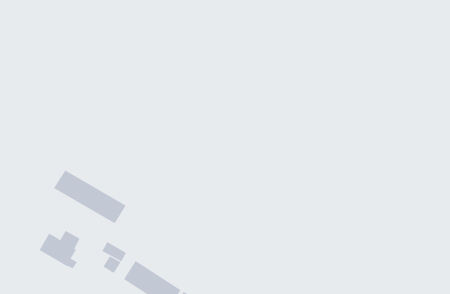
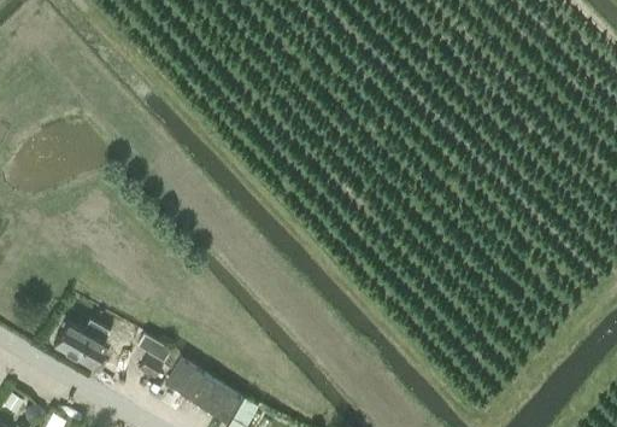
building: [53,170,126,224] -> none

